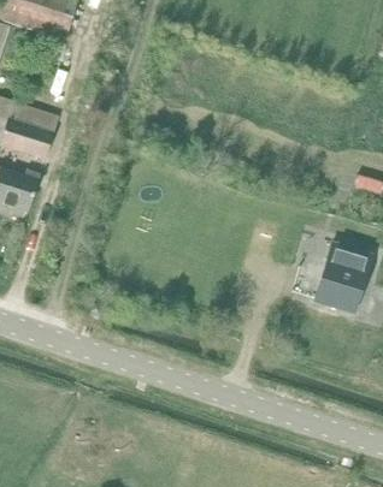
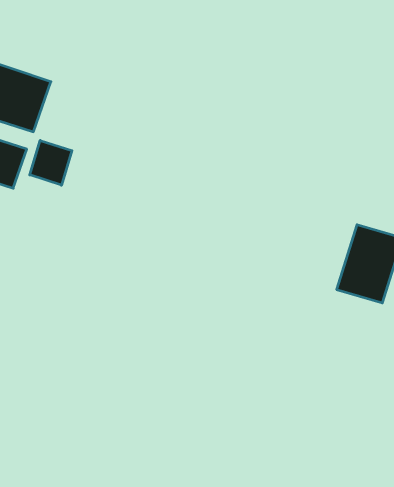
building: none -> [30,140,72,185]

